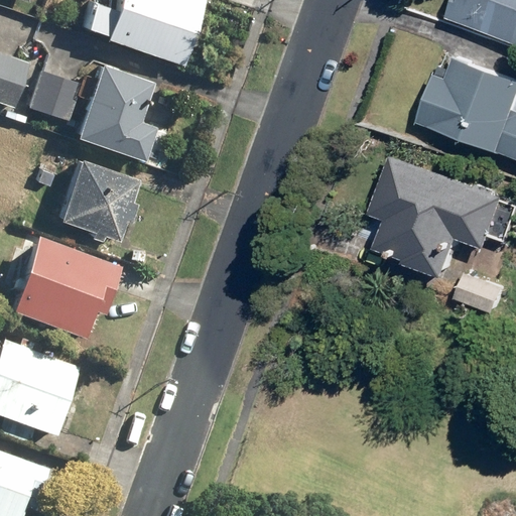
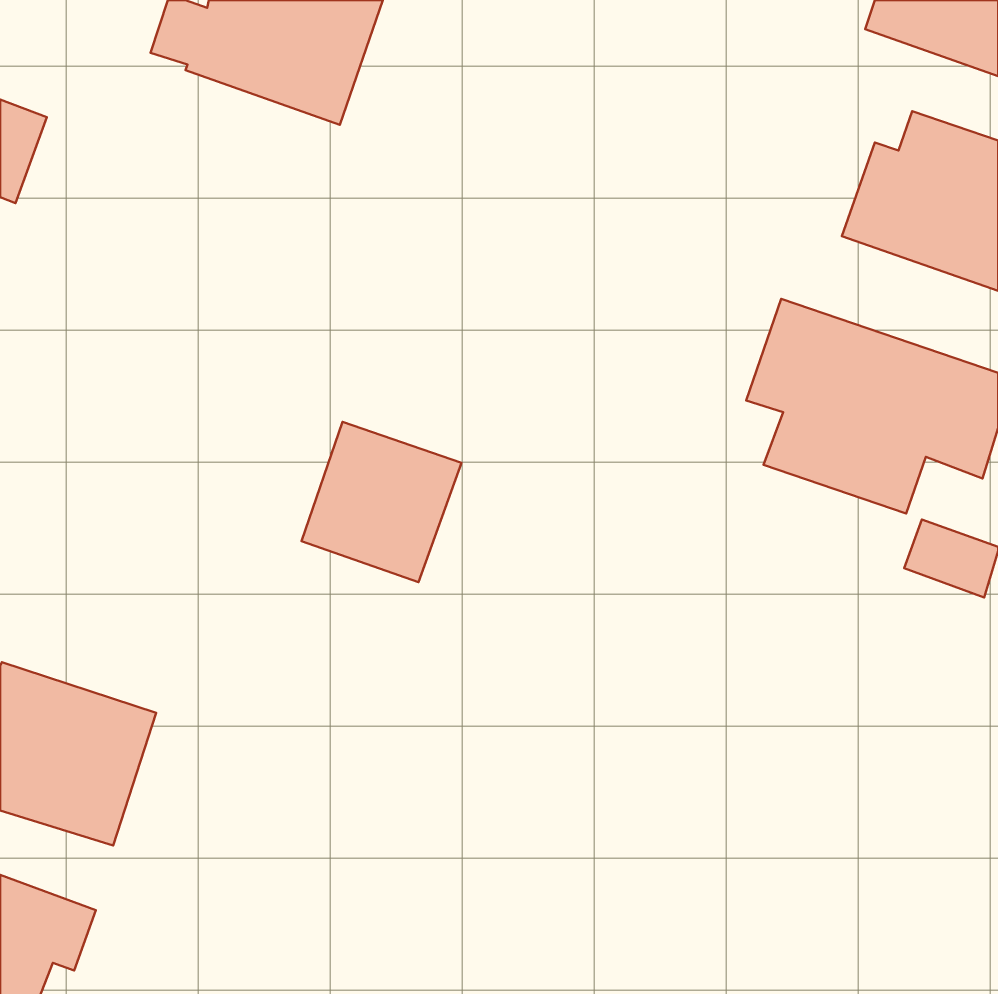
building: [75,62,157,160] -> none
building: [24,70,77,120] -> none
building: [58,155,141,238] -> [301,422,462,582]
building: [10,241,124,344] -> none

